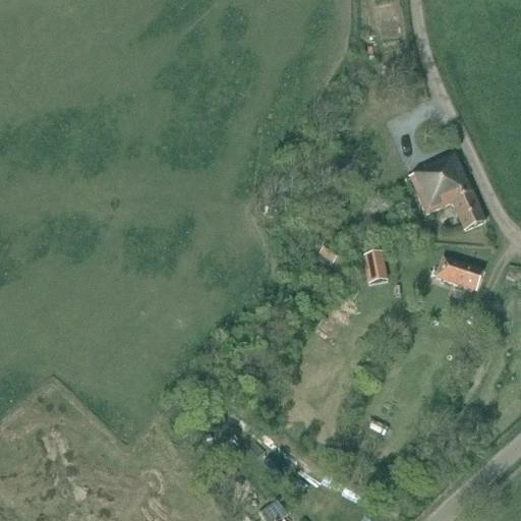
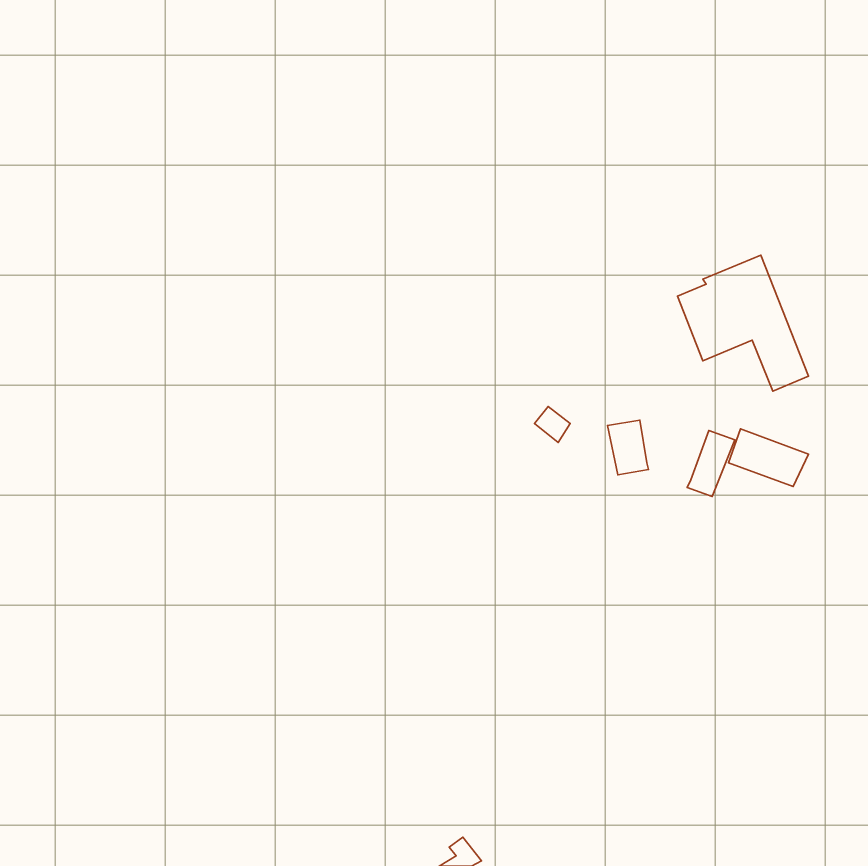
building: none -> [687,430,735,497]

